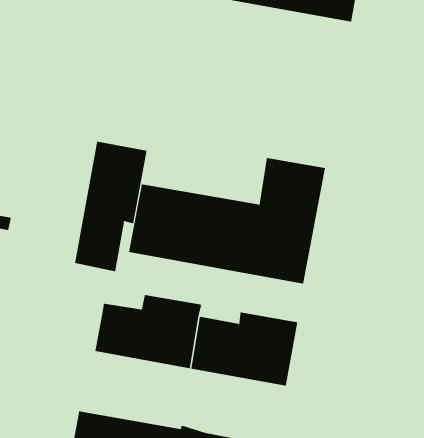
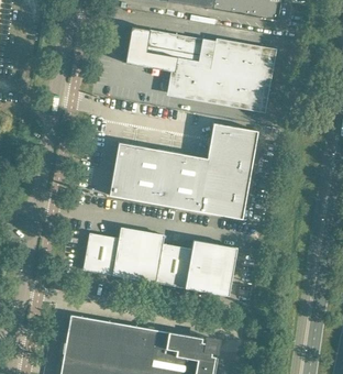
building: none -> [124,26,272,108]
building: [74,141,147,272] -> none

